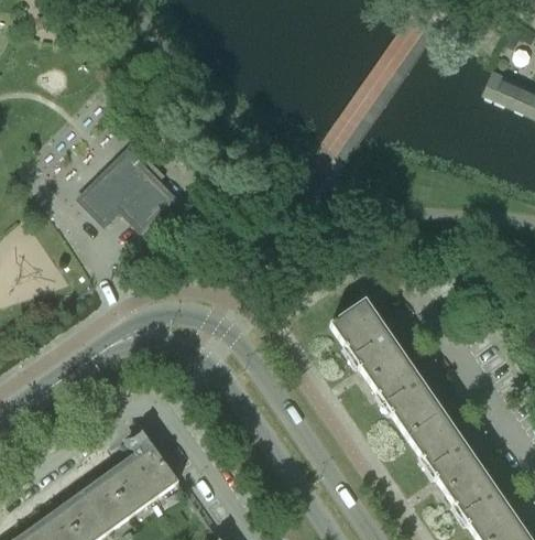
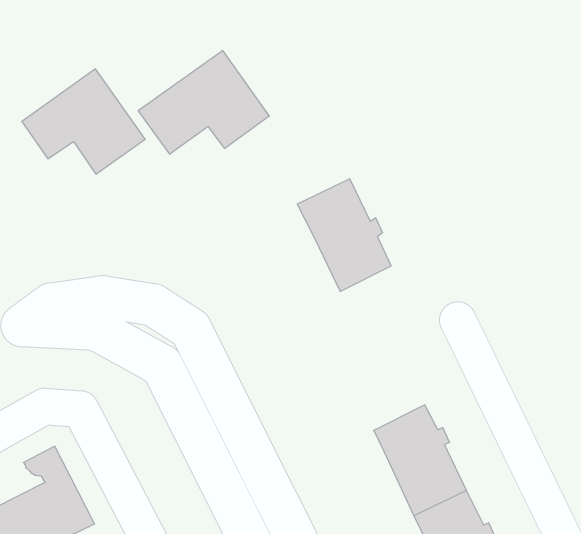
building: none -> [138,50,269,154]
building: [329,299,404,381] -> [297,179,391,291]

